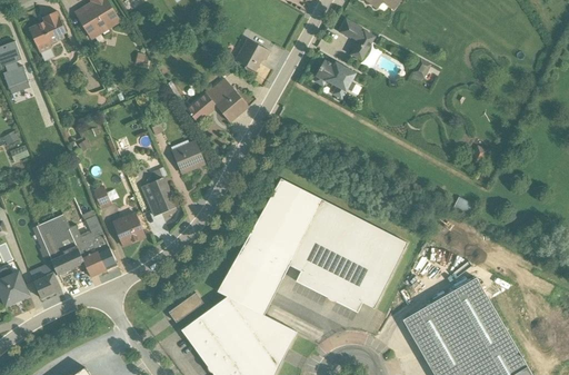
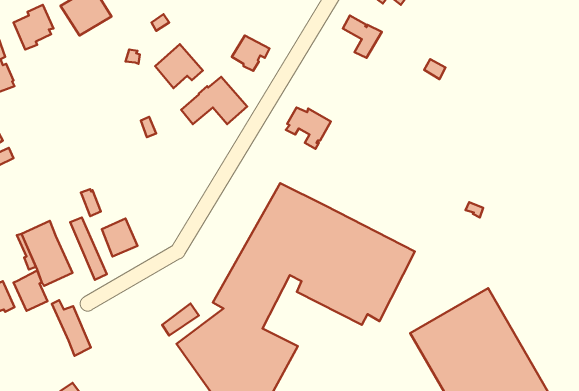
building: none -> [155,44,203,88]
building: [313,60,356,99] -> [286,107,331,149]
building: [171,139,206,175] -> none
building: [140,167,177,216] -> none
building: [69,225,106,277] -> [52,300,91,356]

